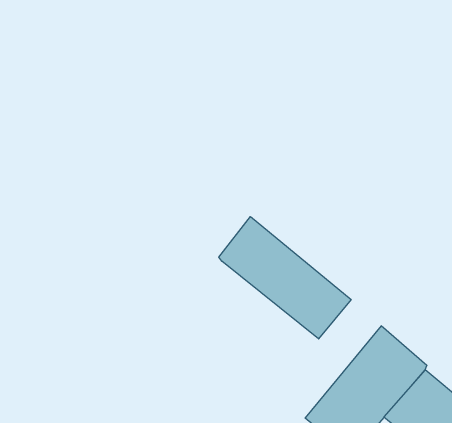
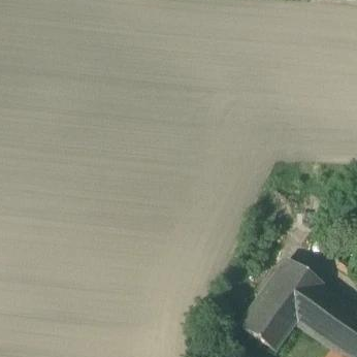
building: [219,217,351,339] -> none

